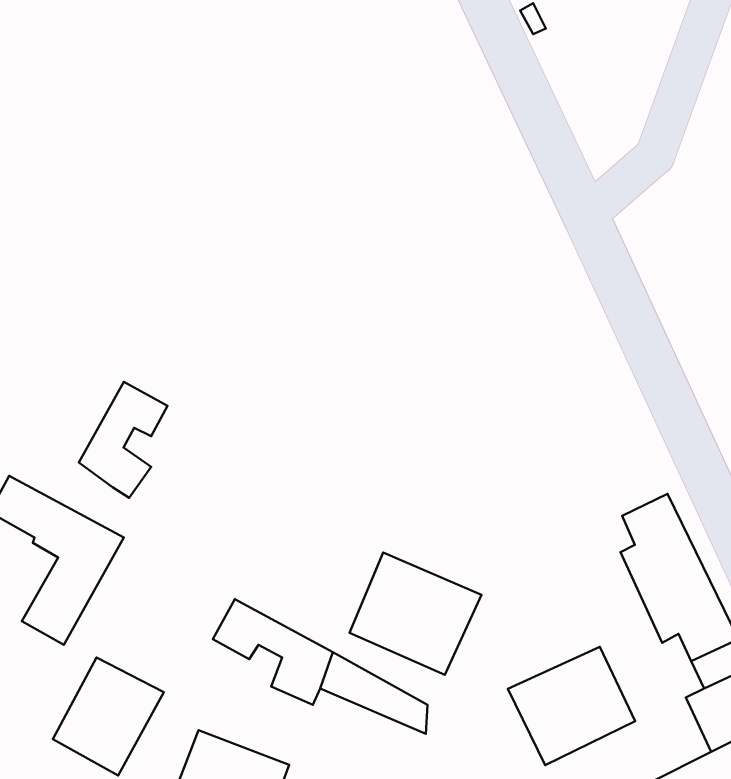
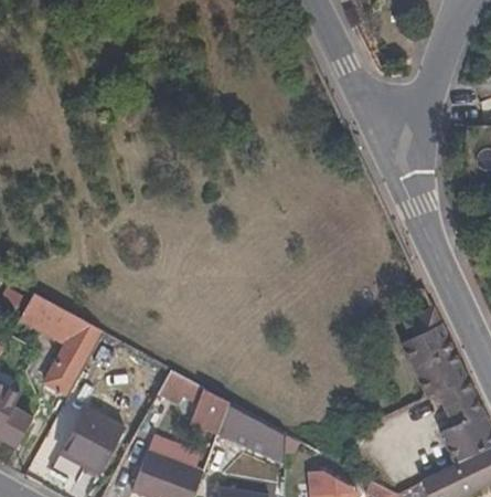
building: [79,382,168,498] -> none
building: [349,552,482,675] -> none
building: [508,647,635,765] -> none

